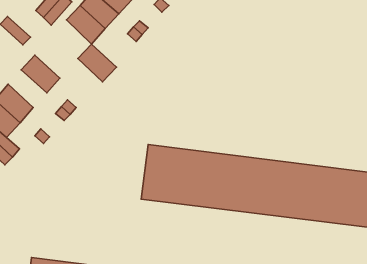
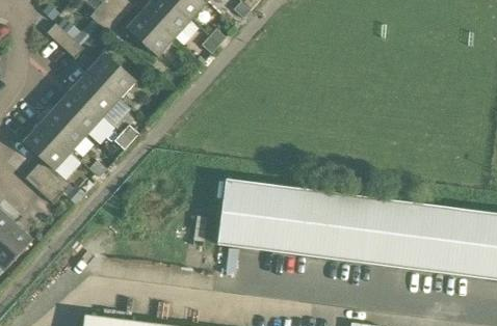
building: [78,44,116,82] -> [89,52,136,98]
building: none -> [57,87,104,133]

